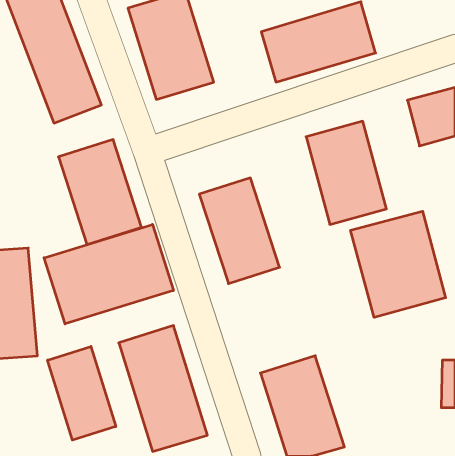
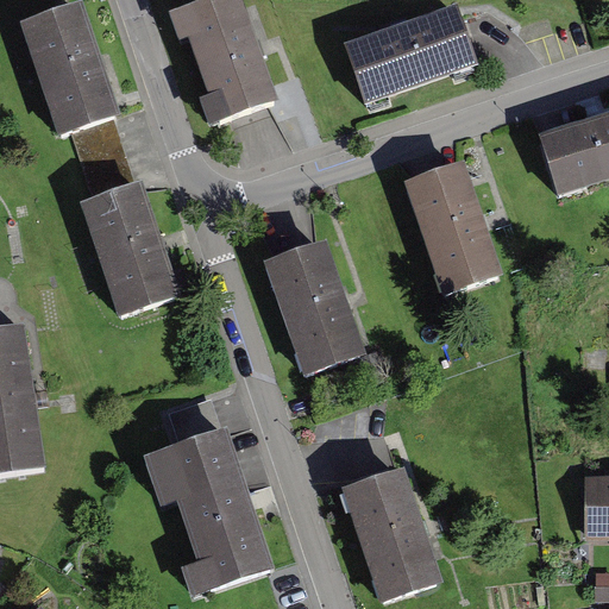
building: [351,211,446,317] -> none
building: [44,224,173,324] -> none
building: [48,346,116,440] -> none

